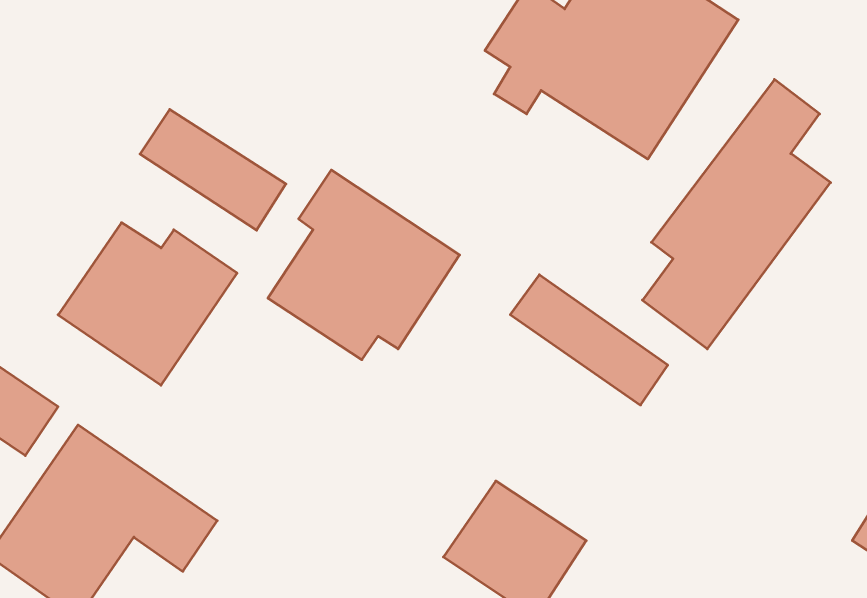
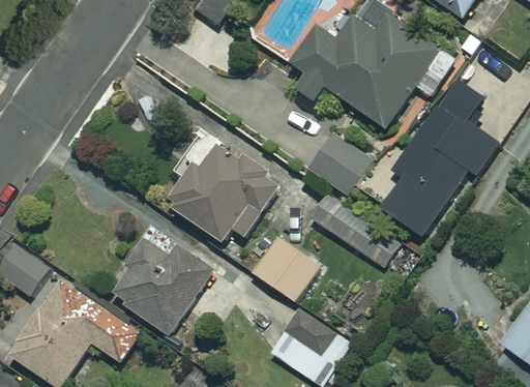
building: [140,109,286,230] -> none
building: none -> [308,133,373,196]
building: [58,223,237,385] -> [109,240,211,333]
building: none -> [253,236,322,302]

